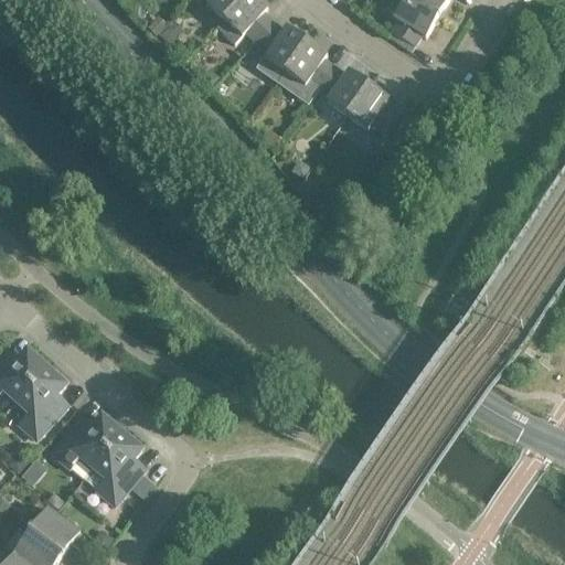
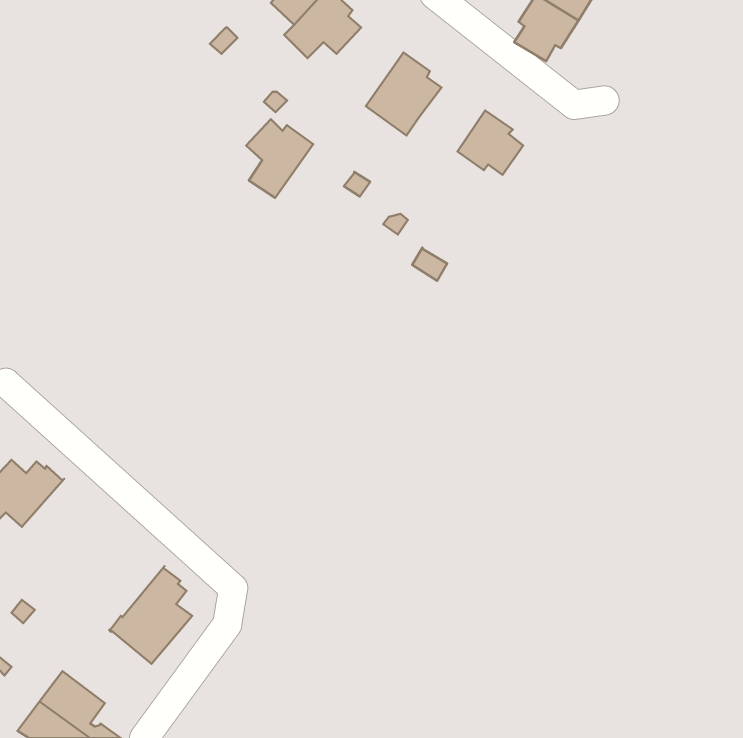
building: [255,21,306,81] -> [246,119,313,198]
building: [318,66,367,115] -> none
building: [17,363,68,438] -> none
building: [53,415,125,476] -> none

